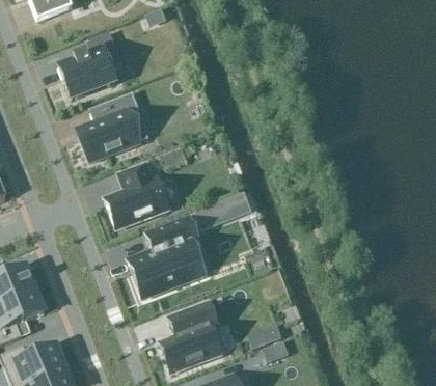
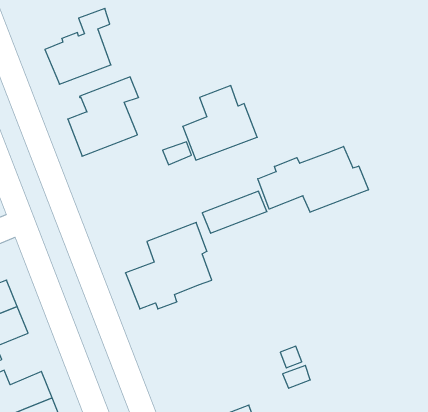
building: none -> [258,146,368,212]
building: [106,162,170,226] -> [183,86,257,160]
building: [161,300,221,371] -> none

